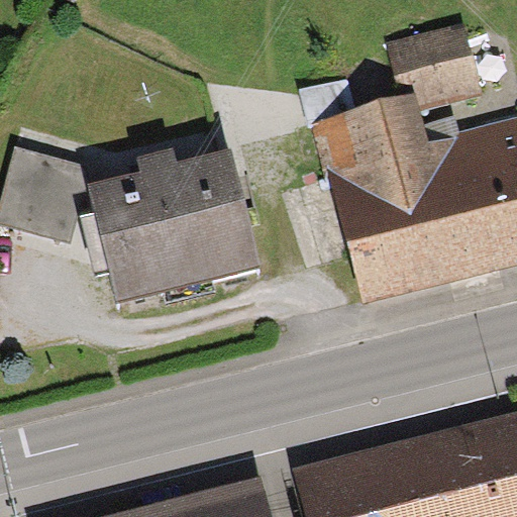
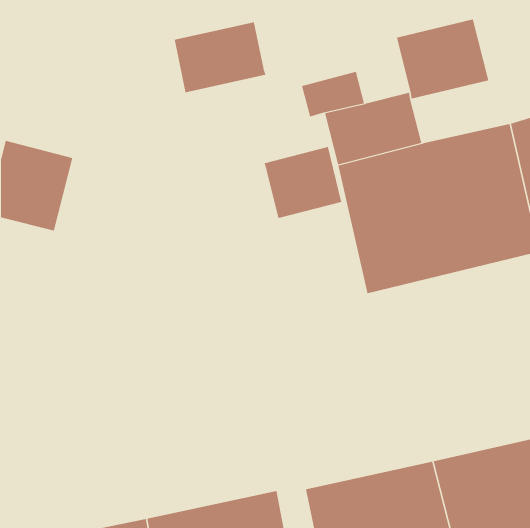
building: none -> [174,22,266,93]
building: none -> [264,146,342,219]
building: [89,147,261,298] -> none

